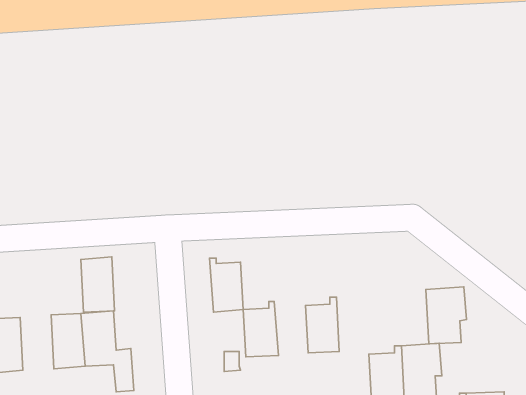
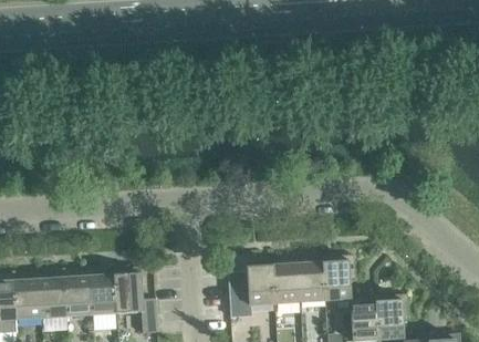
building: [81,257,115,312] -> [63,272,91,318]
building: [209,258,243,312] -> [271,261,299,305]
building: [426,287,467,344] -> [322,256,355,302]

